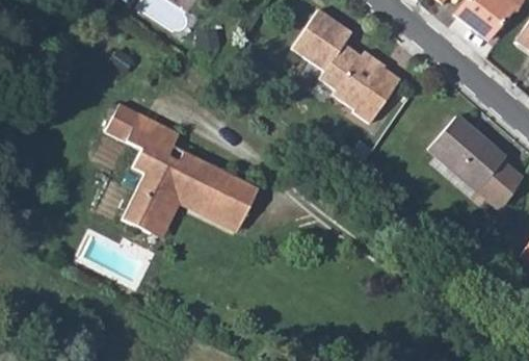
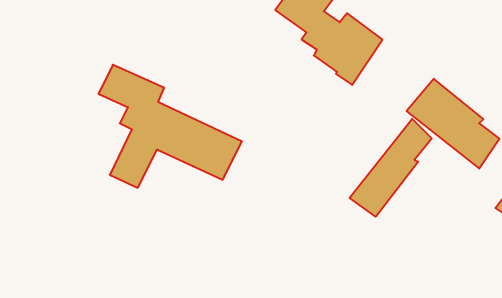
building: none -> [350,119,432,217]

